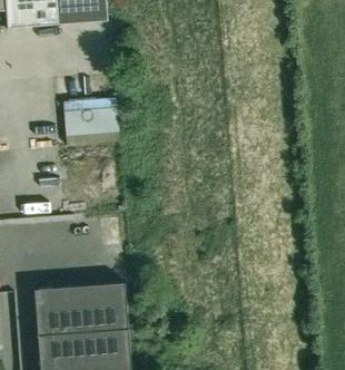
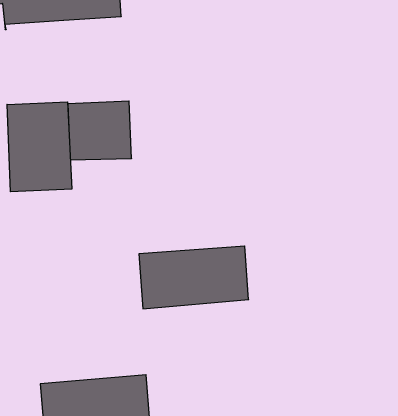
building: none -> [7,102,72,192]
building: [33,281,127,334] -> [139,246,249,309]

